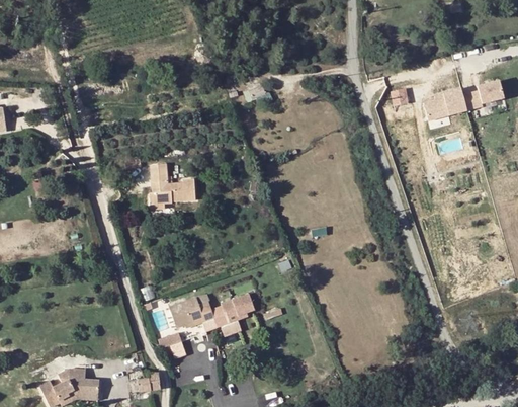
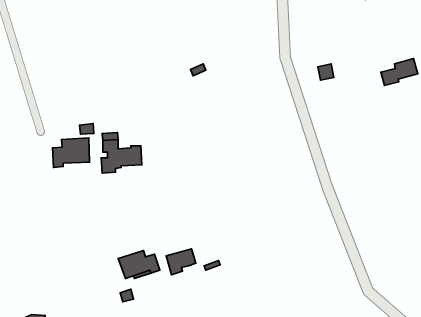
building: [424,89,466,121] -> none
building: none -> [53,138,90,167]

